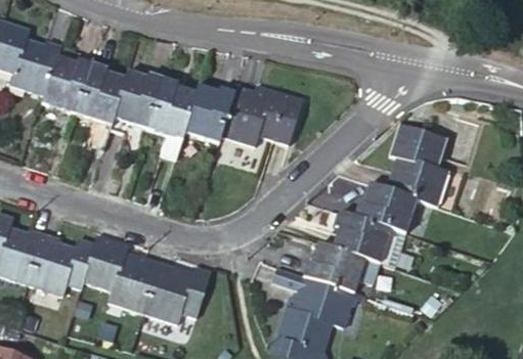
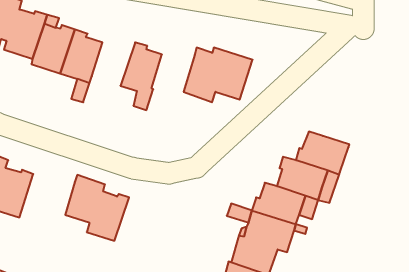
building: [112,71,163,129] -> none
building: [182,85,233,143] -> none
building: [385,124,447,208] -> none
building: [26,233,91,296] -> none
building: [138,261,209,324] -> none

